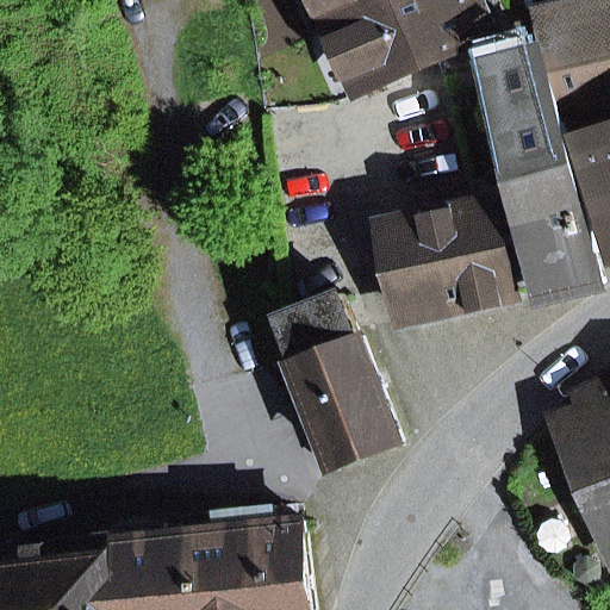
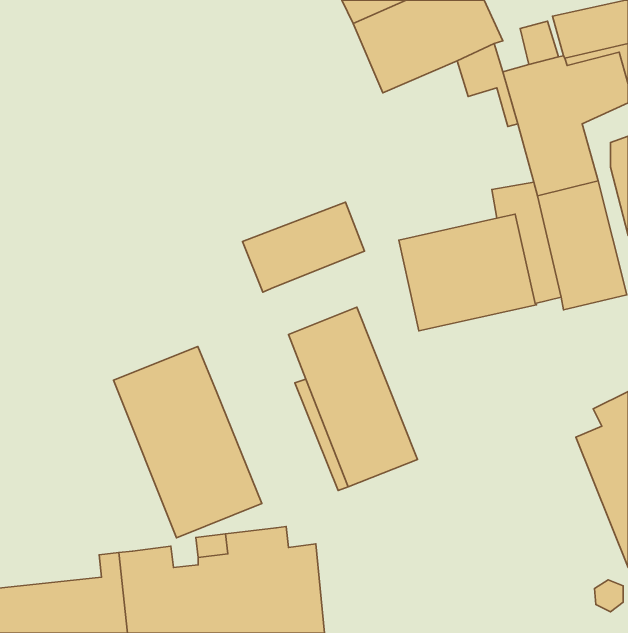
building: none -> [243,202,364,292]
building: none -> [114,347,262,538]

